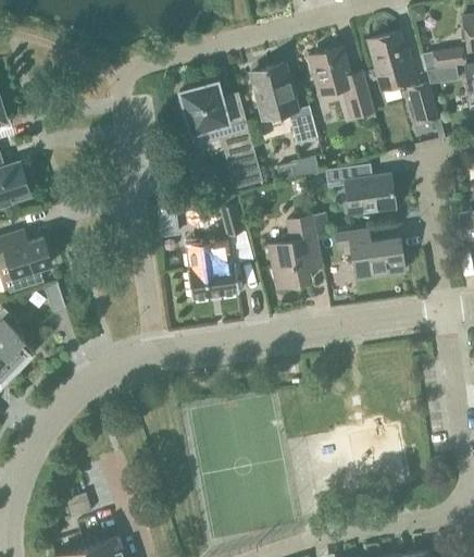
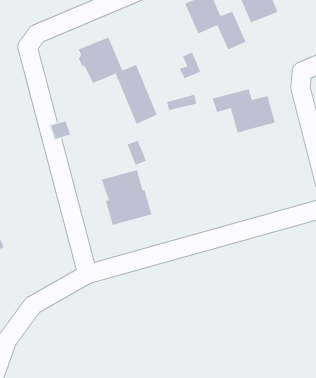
building: [251,64,297,120] -> none
building: [408,84,438,124] -> none
building: [269,215,317,288] -> none
building: [334,227,404,278] -> none

